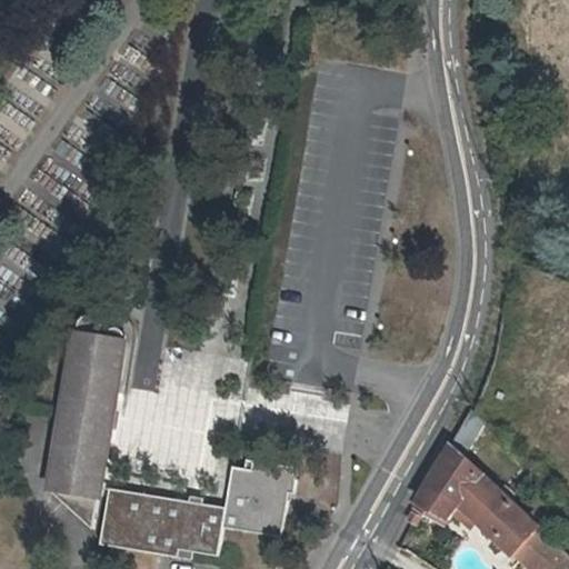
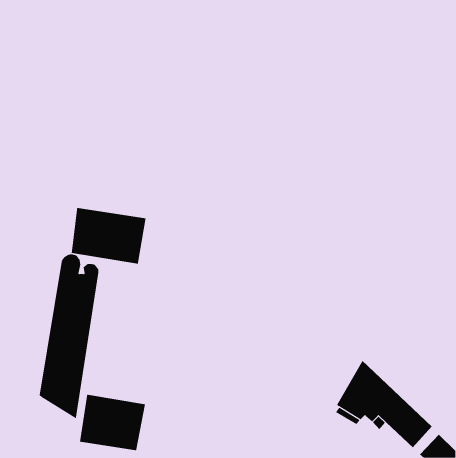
building: none -> [71,207,146,264]
building: [169,459,297,557] -> none

